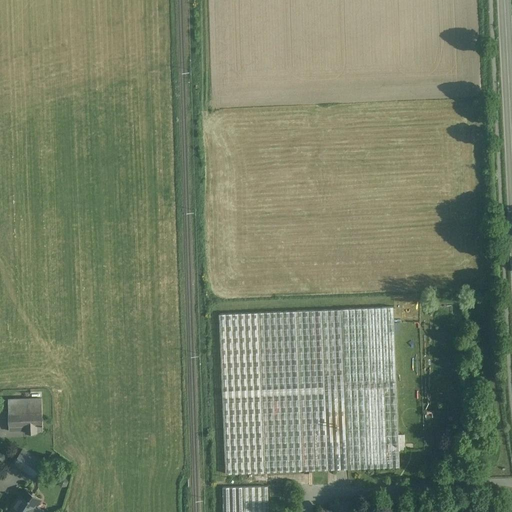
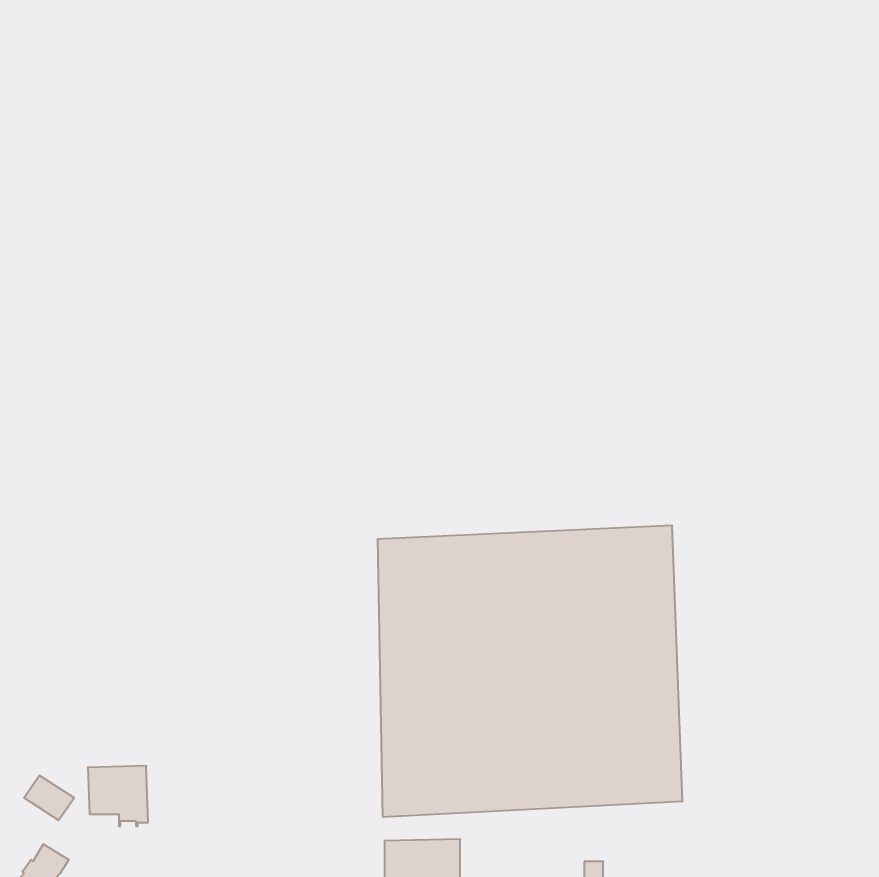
building: [9,400,44,435] -> [88,766,148,826]

